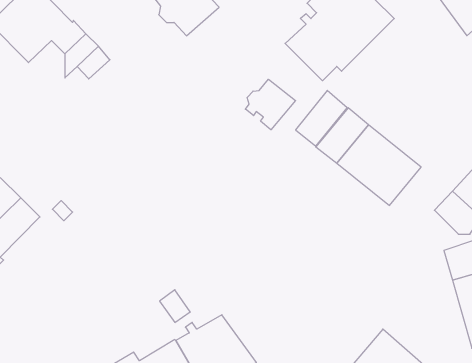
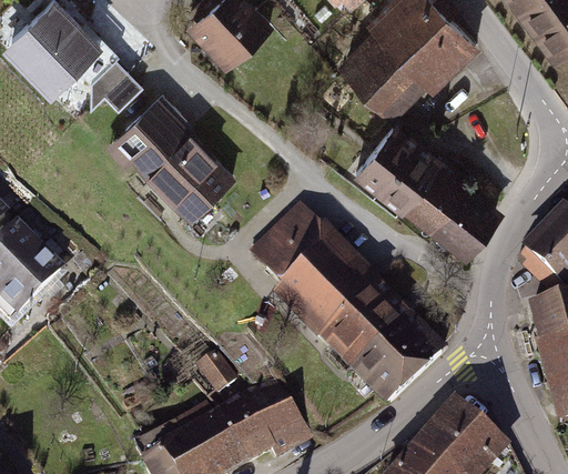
building: none -> [110,95,229,212]
building: [245,79,296,130] -> none
building: none -> [248,202,444,404]

